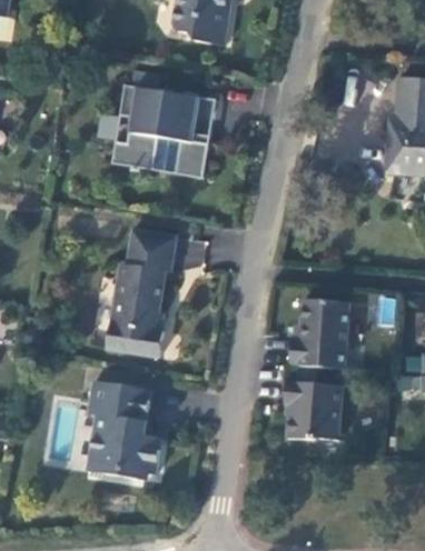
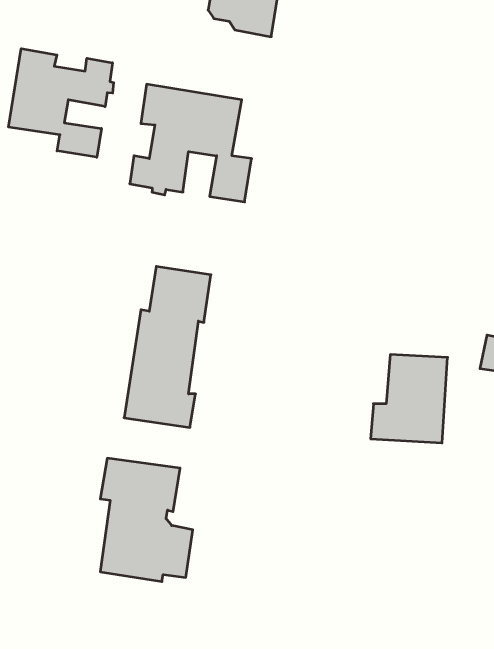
building: none -> [9,49,114,157]
building: [294,381,353,441] -> none

